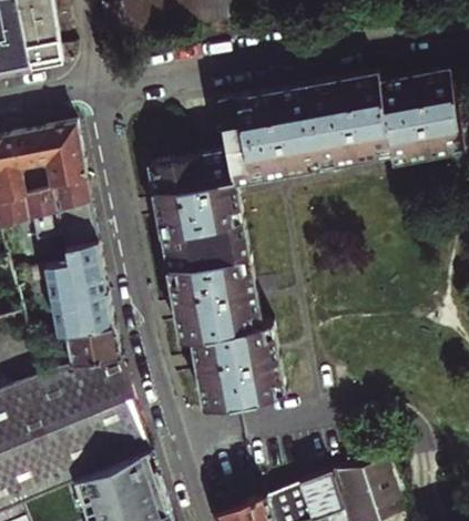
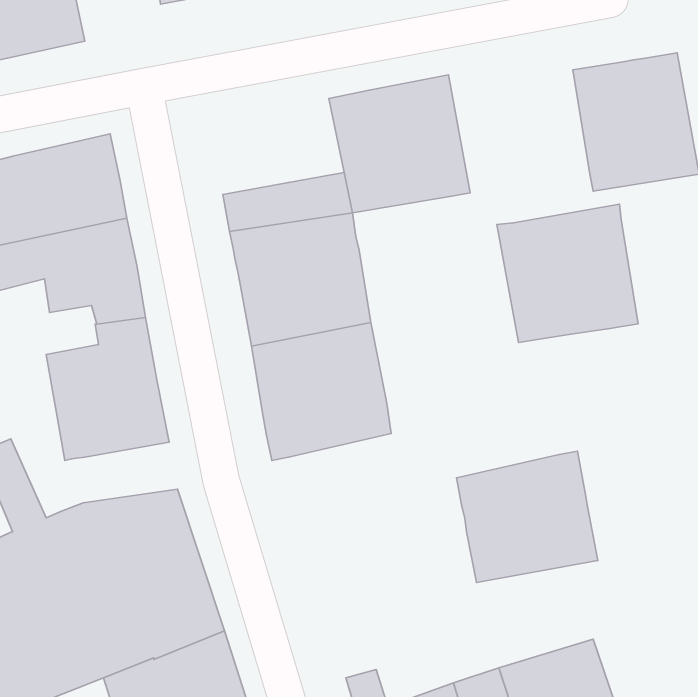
building: [296,72,389,163] -> [497,204,638,342]
building: [191,319,284,406] -> [456,451,598,582]
building: [32,327,118,372] -> none

